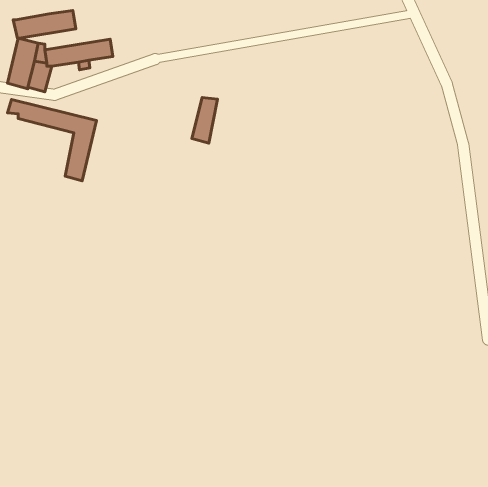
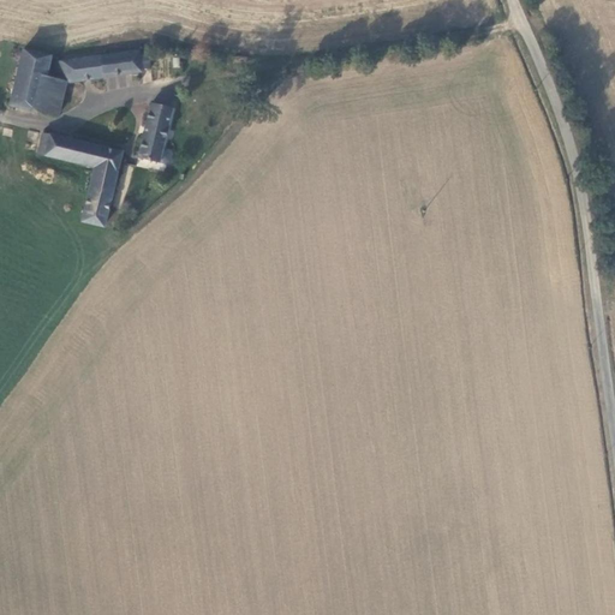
building: [13,11,76,38] -> none
building: [192,97,218,143] -> [139,105,172,162]

